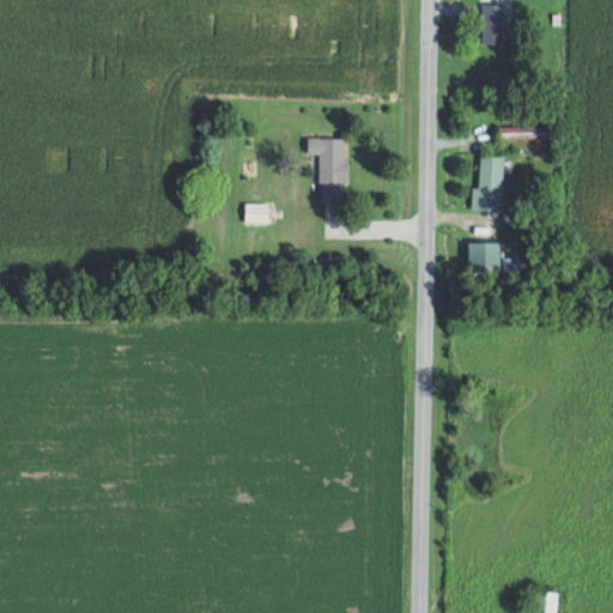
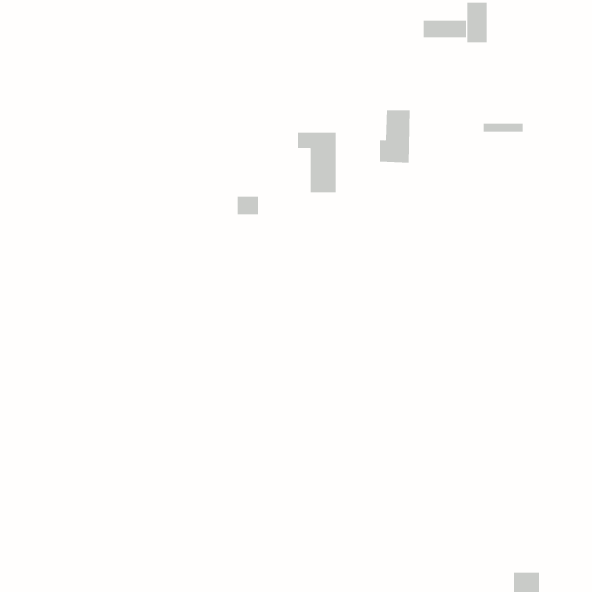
building: none -> [423,20,467,38]
building: [473,156,505,211] -> [379,110,411,163]
building: [469,242,499,273] -> none

